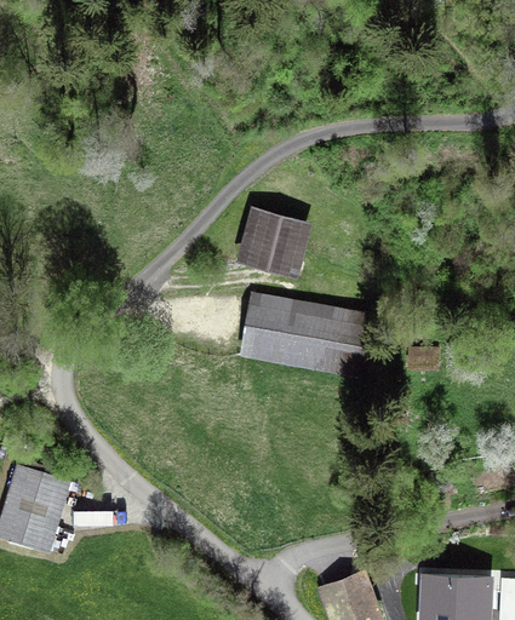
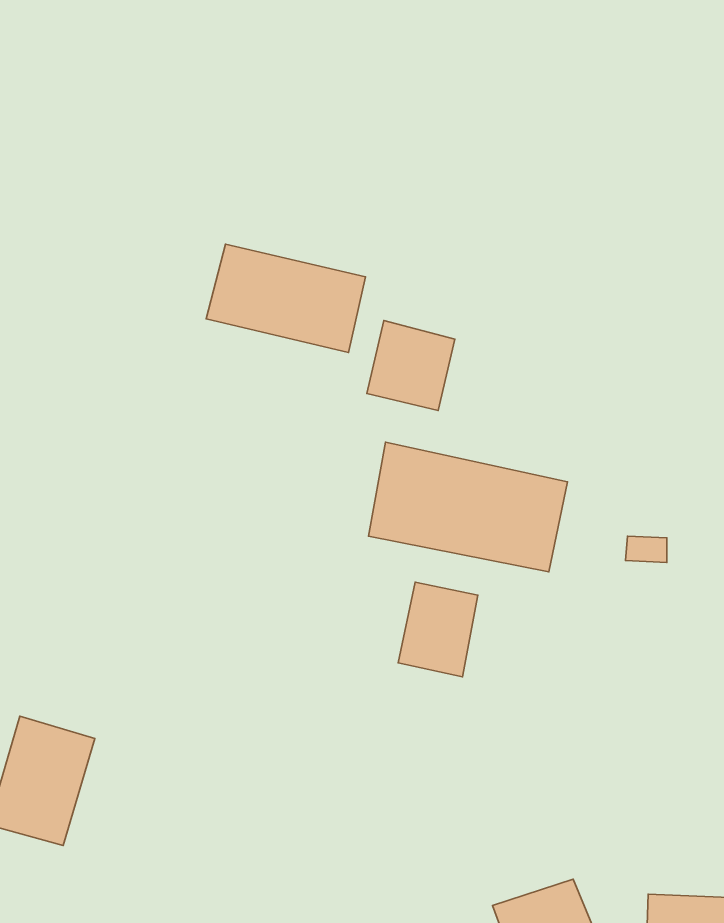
building: none -> [206,244,366,352]
building: none -> [398,582,478,677]

